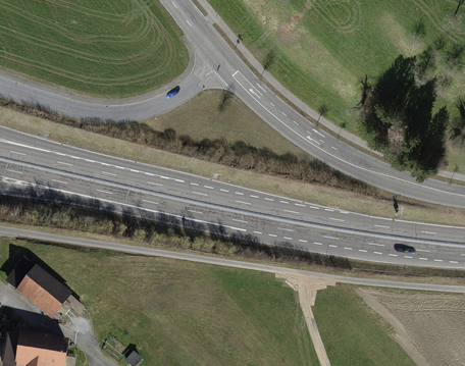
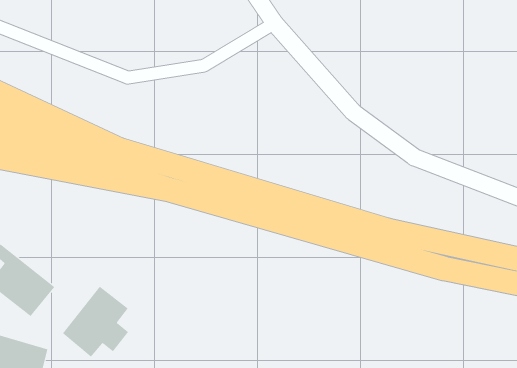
building: none -> [62,286,129,358]

